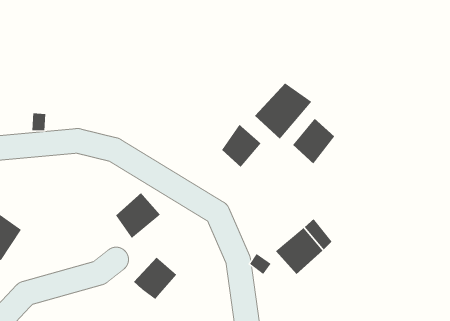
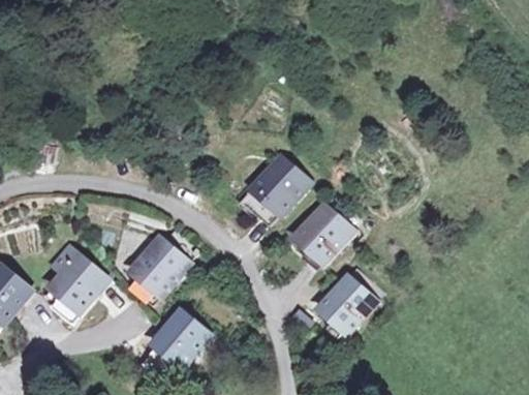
building: [254,82,312,139] -> none
building: [292,118,335,164] -> [297,205,346,259]
building: none -> [43,242,105,321]

